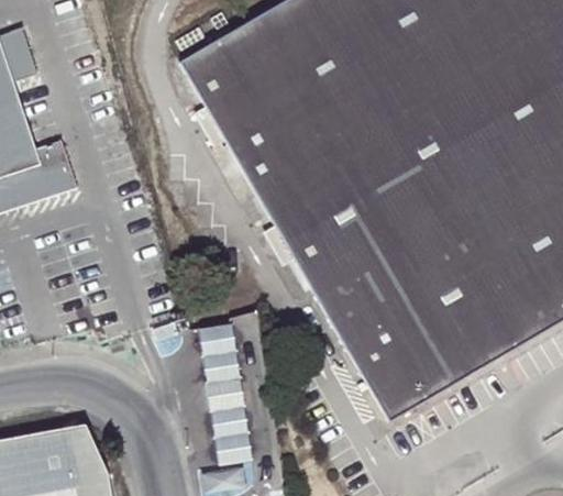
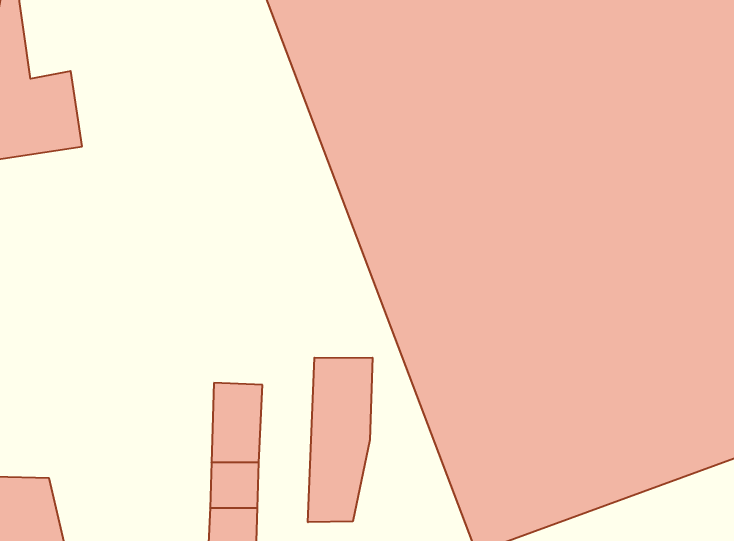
building: none -> [308,358,372,522]

